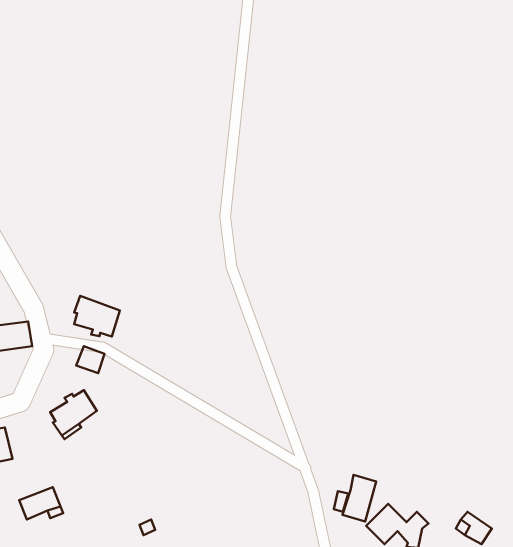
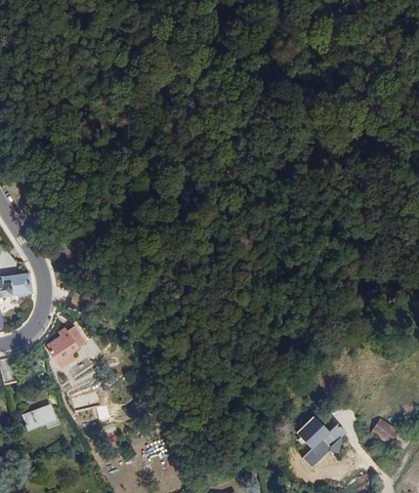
building: [74,296,120,336] -> none
building: [343,475,376,521] -> none

